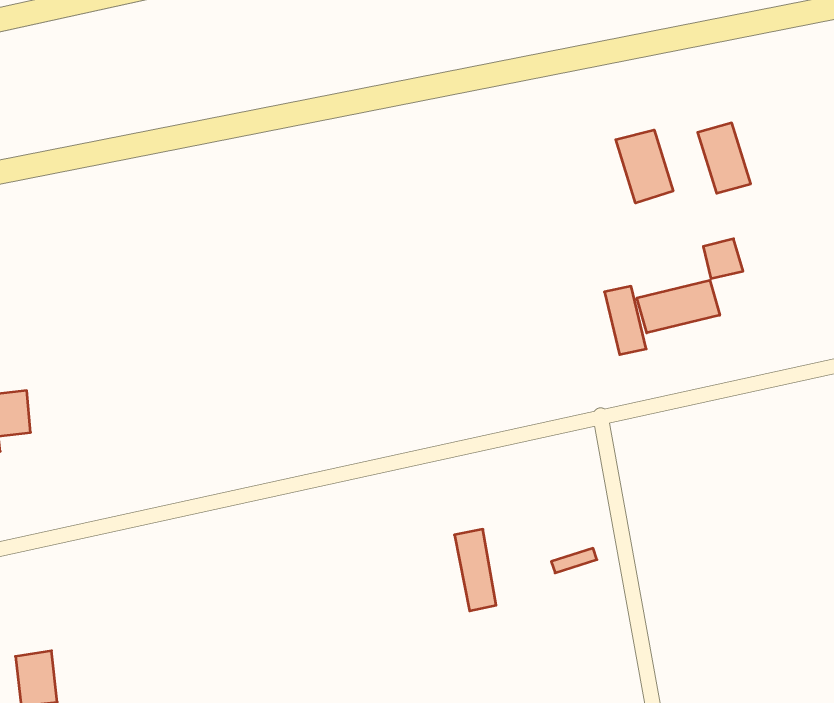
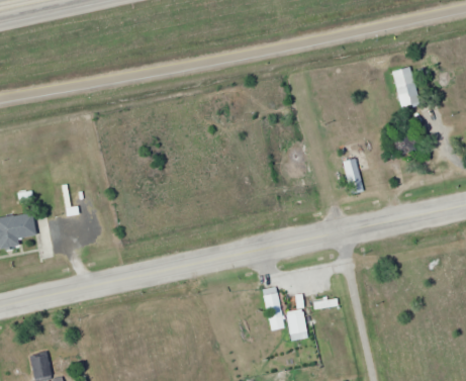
building: [616,130,673,203] -> none
building: [637,280,720,333] -> none
building: none -> [287,309,307,341]

